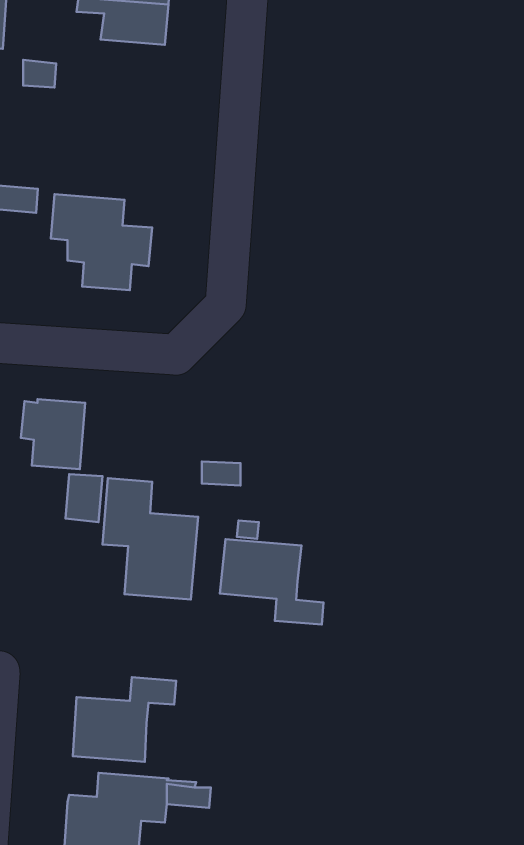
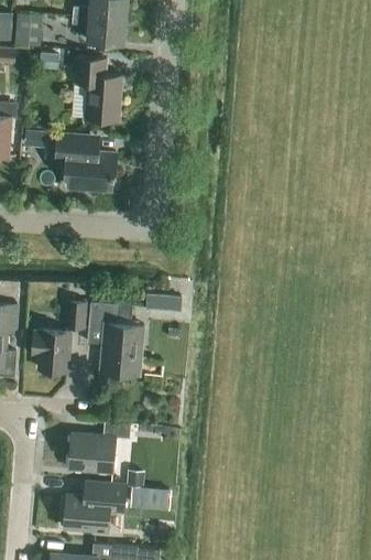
building: none -> [72,57,122,120]
building: [21,399,85,469] -> [32,330,70,371]
building: [220,539,324,625] -> none

